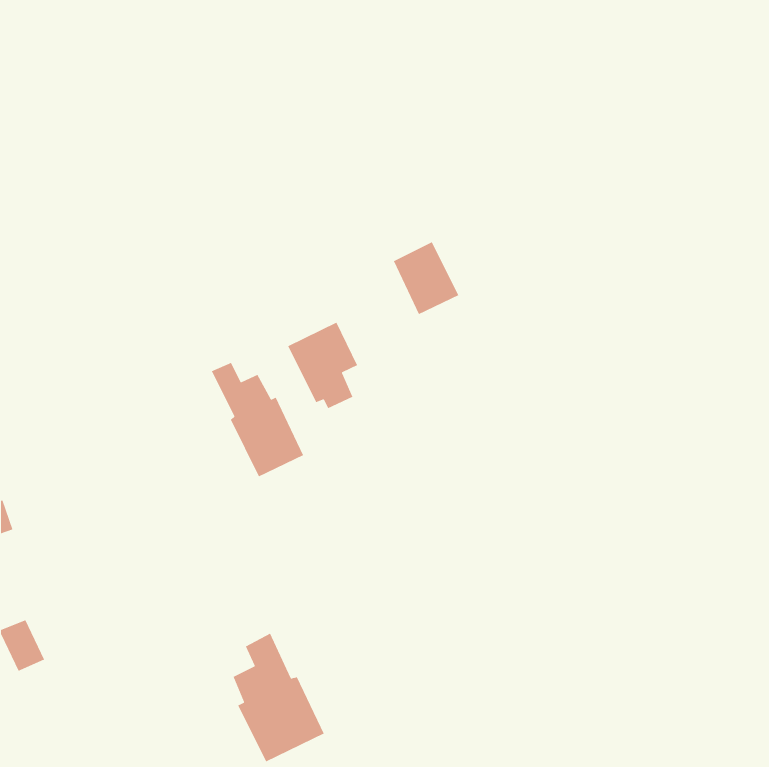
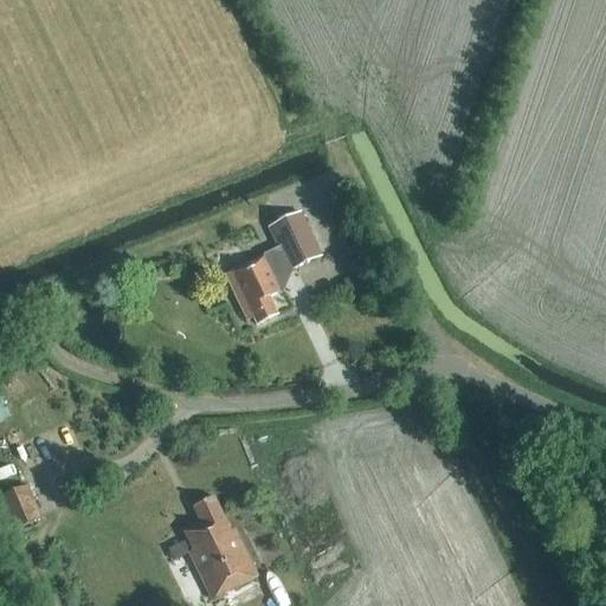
building: [393,241,459,315] -> [271,208,323,266]
building: [211,362,304,478] -> none

